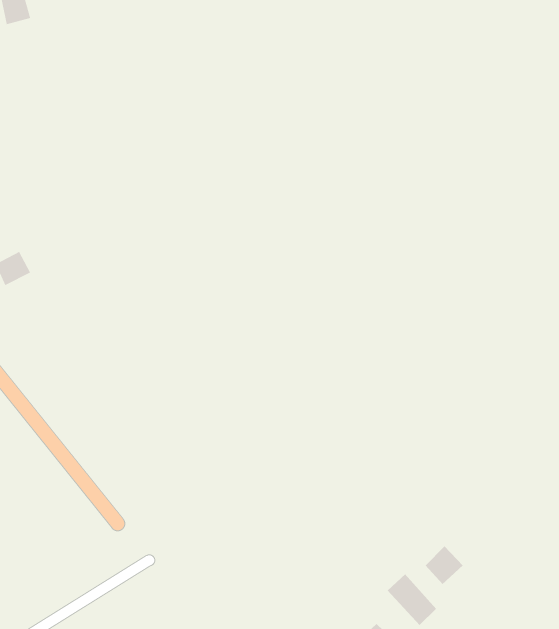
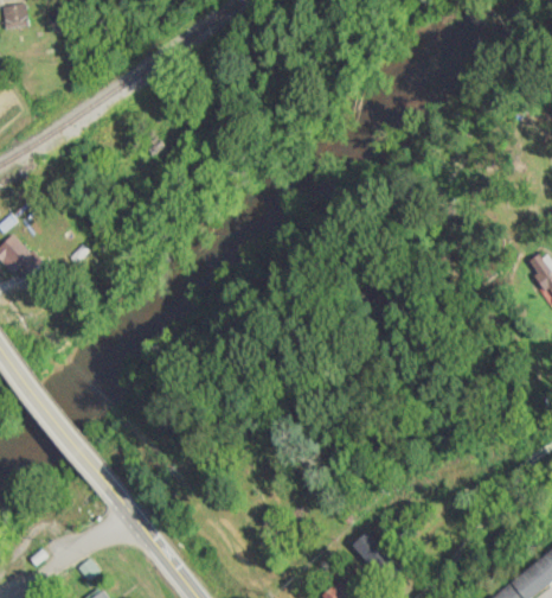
building: [425,545,464,585] -> none

